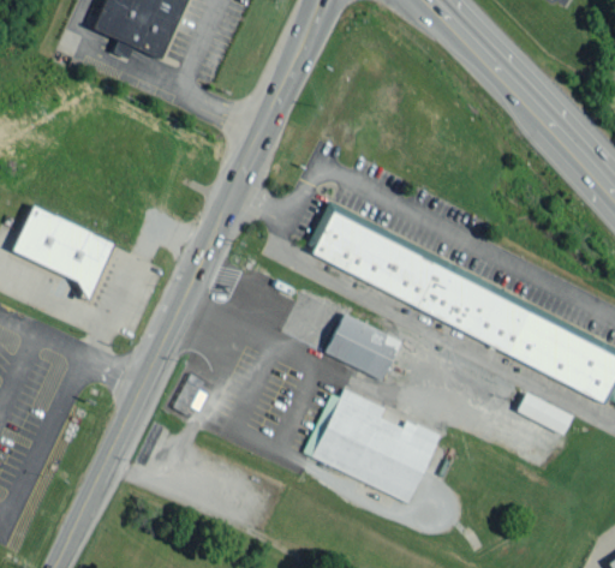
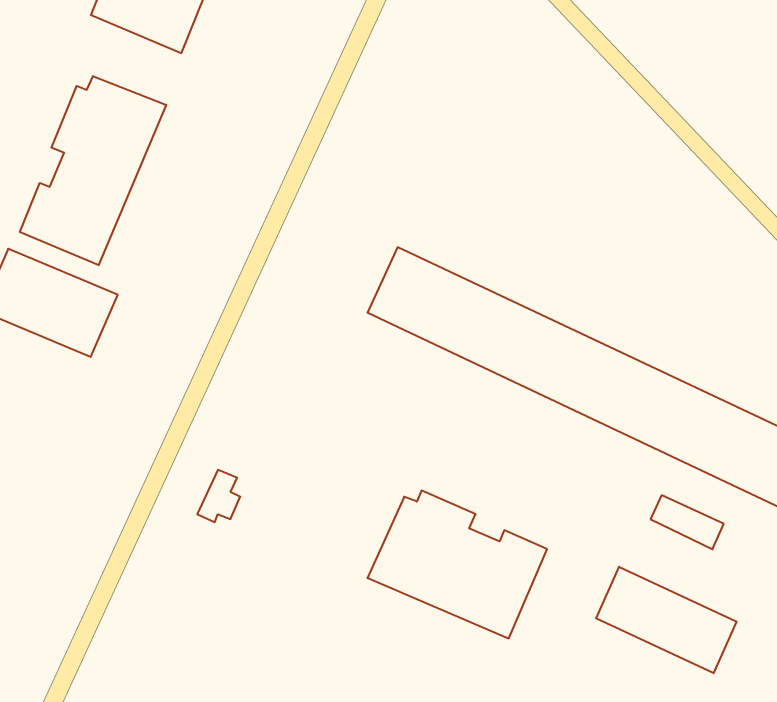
building: none -> [20,76,166,265]
building: [324,316,399,379] -> none
building: none -> [596,567,737,673]

